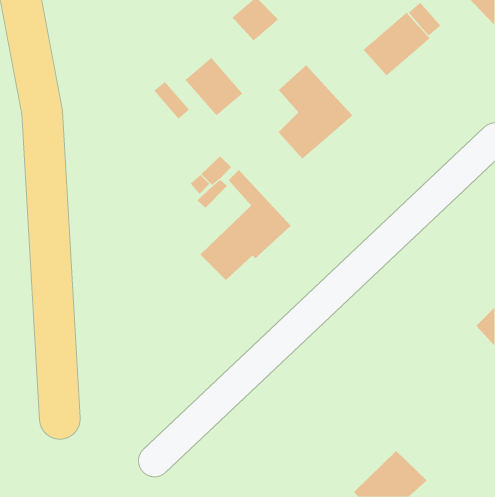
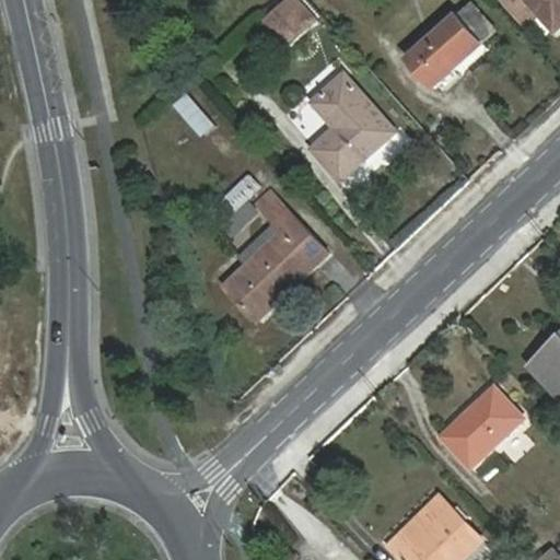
building: [185,57,243,116] -> none
building: none -> [440,385,521,466]

